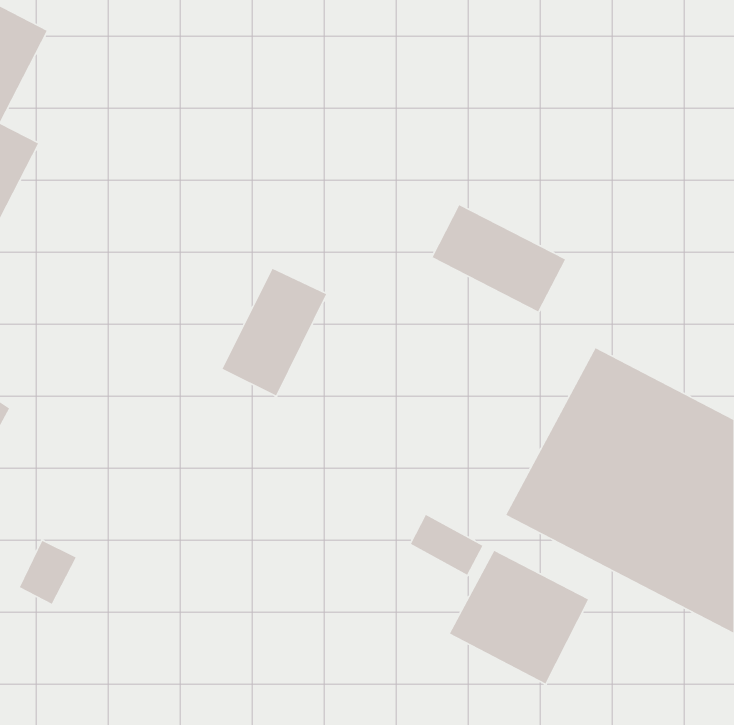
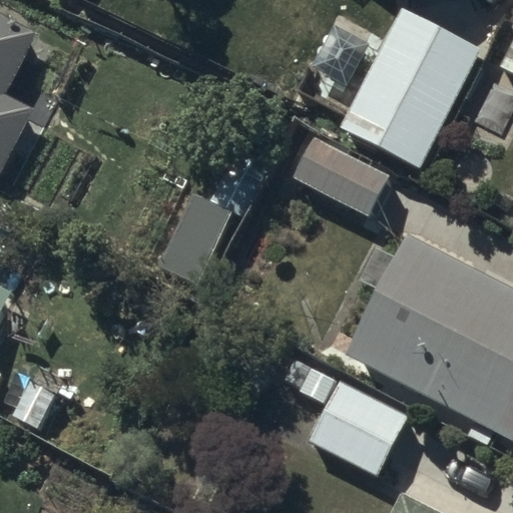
building: none -> [342,8,482,168]

